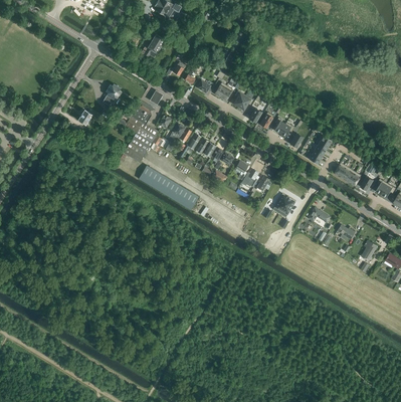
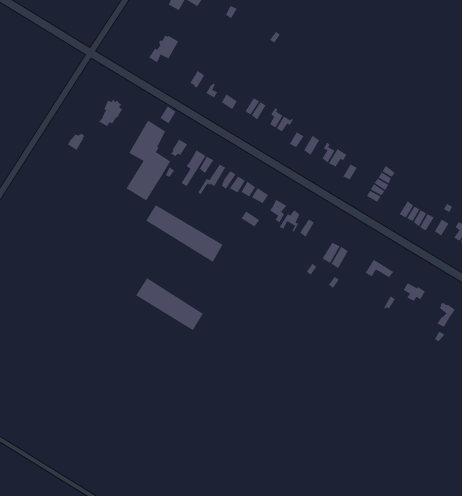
building: none -> [135,277,204,331]

